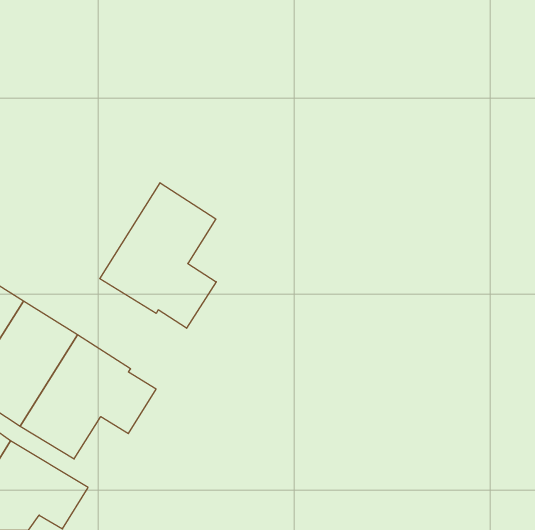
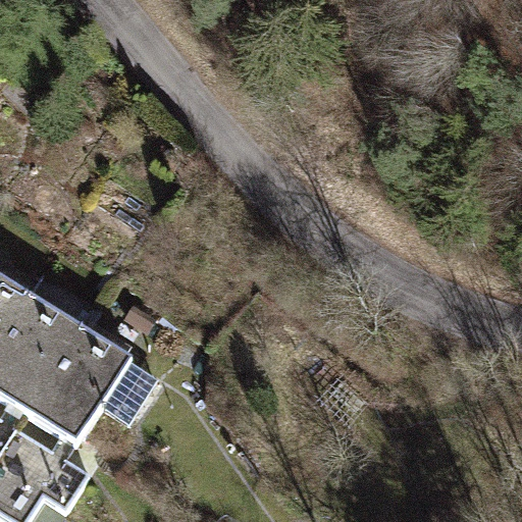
building: [100,183,216,328] -> none

